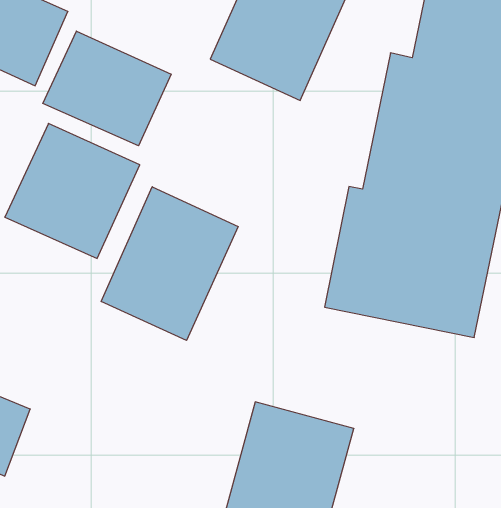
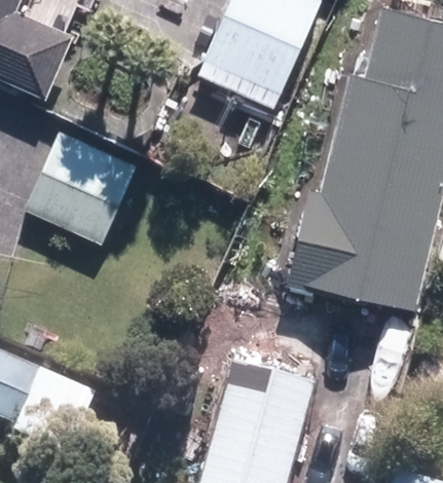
building: [43,31,171,146] -> none
building: [101,187,238,340] -> none

